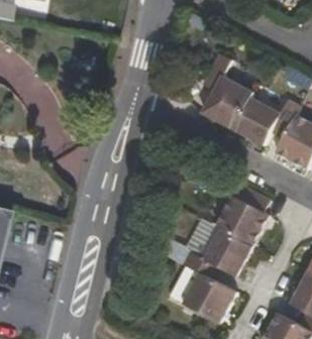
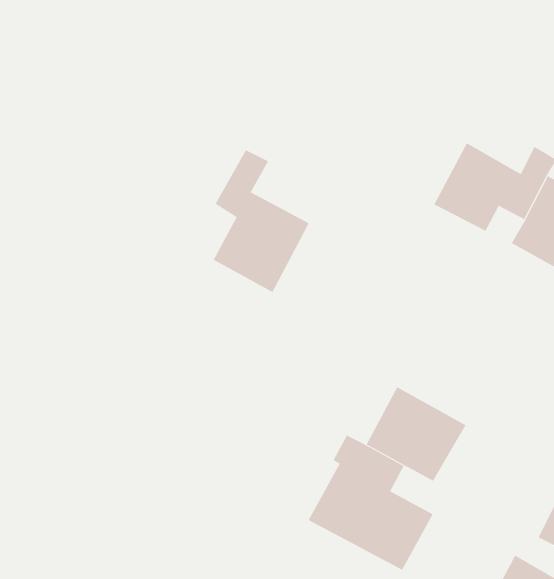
building: [206,55,256,130] -> [213,150,309,293]
building: [218,183,272,245] -> none

